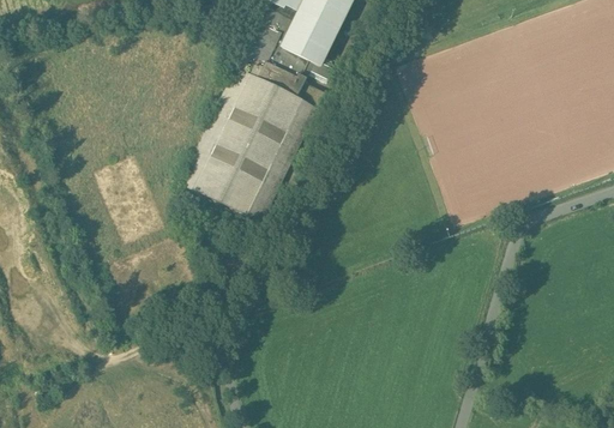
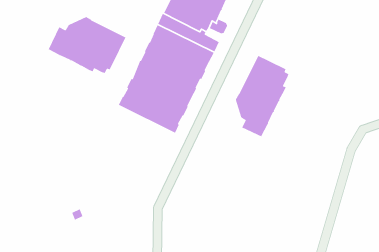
building: none -> [48,16,126,74]
building: none -> [235,55,289,137]

